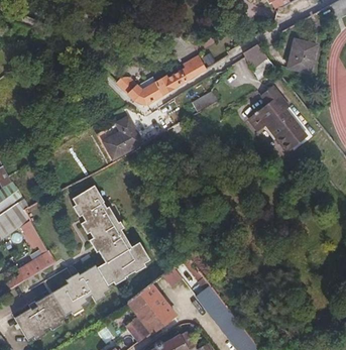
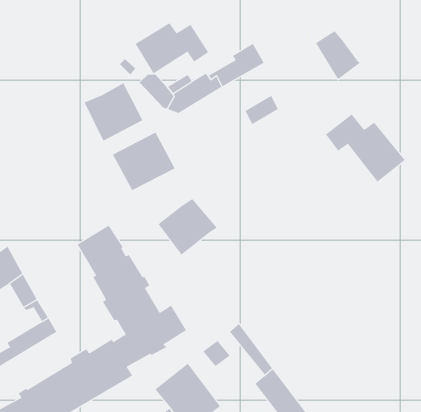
building: none -> [135,22,209,74]
building: [286,41,314,74] -> none
building: none -> [84,82,143,141]
building: [260,88,289,116] -> none
building: none -> [158,198,217,255]

